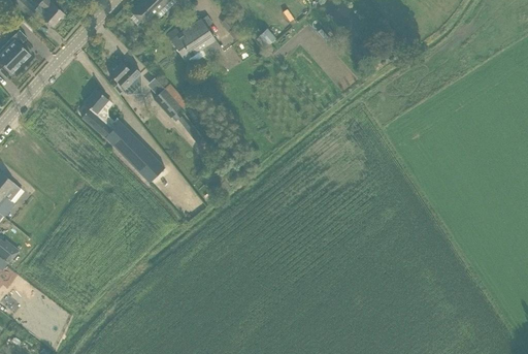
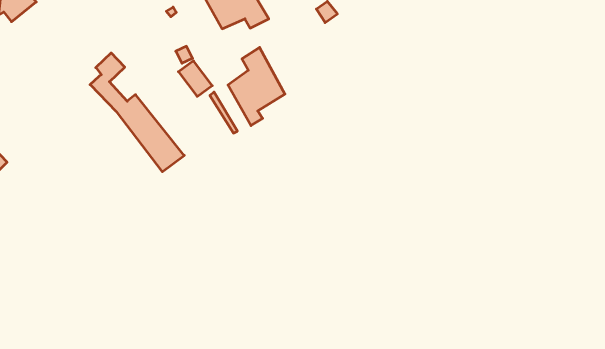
building: [109,62,140,94] -> none
building: none -> [228,47,285,126]

